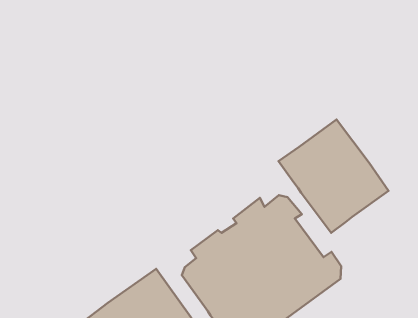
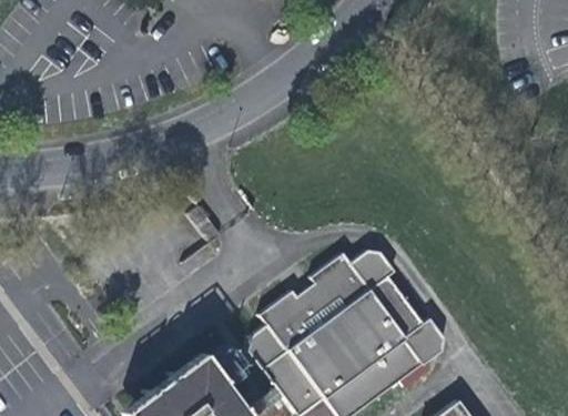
building: [278,119,389,233] -> none

